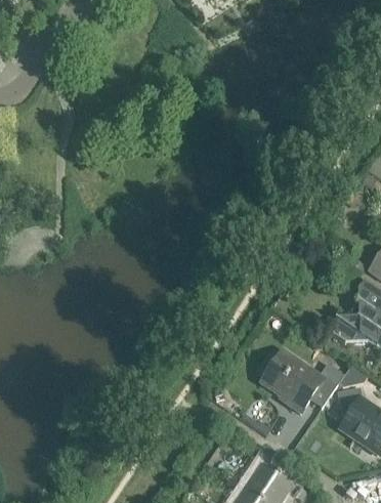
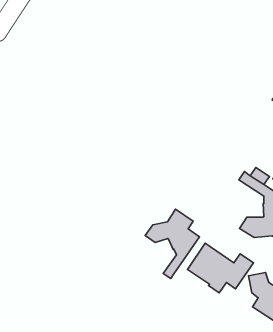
building: none -> [145,209,200,278]

